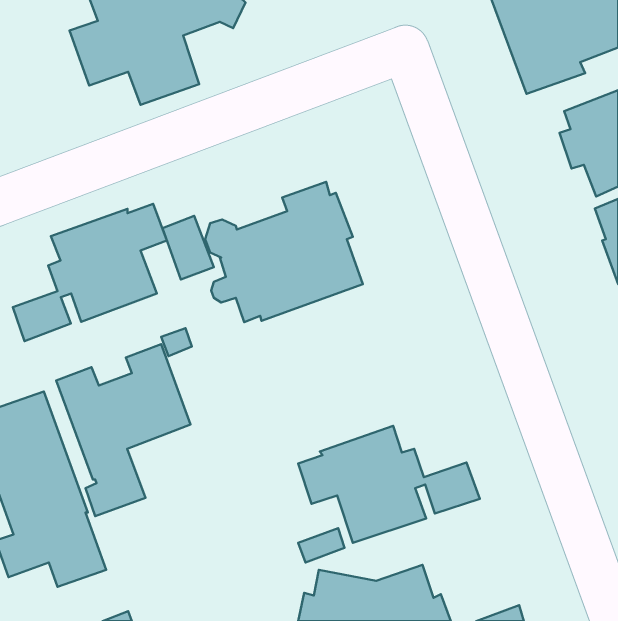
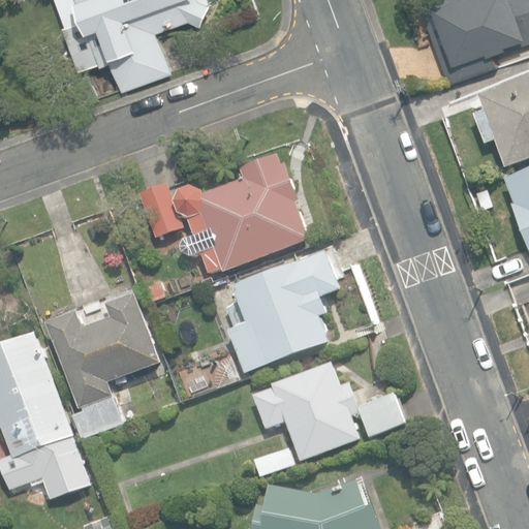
building: [13,204,167,341] -> none
building: none -> [225,250,342,371]

